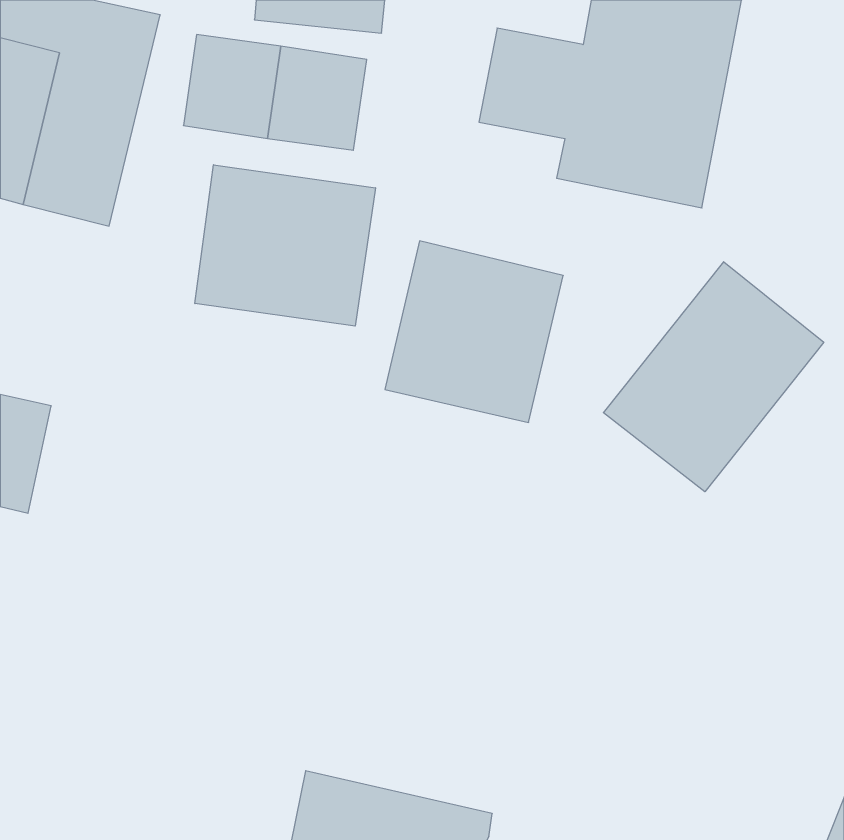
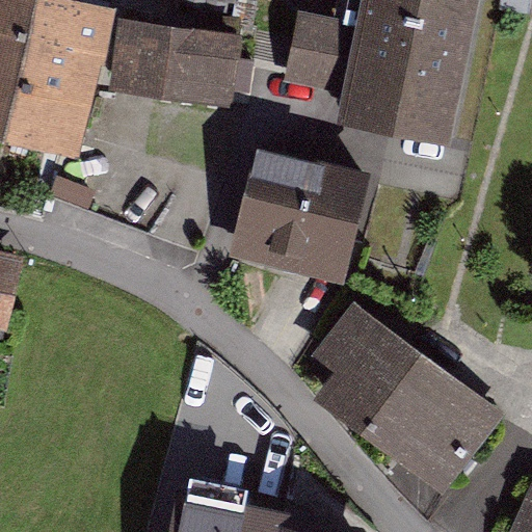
building: [195,165,375,326] -> none
building: [603,262,824,492] -> none
building: none -> [324,310,491,482]

